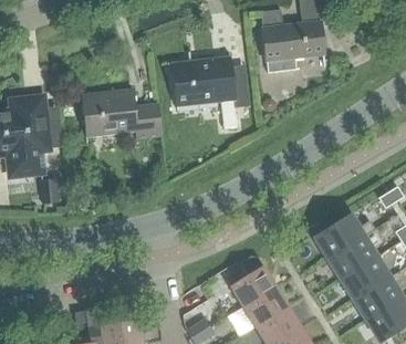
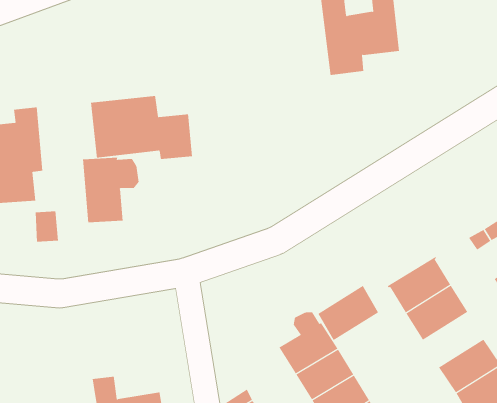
building: [174,55,238,107] -> none
building: none -> [83,157,139,223]
building: [342,257,389,300] -> [318,285,379,341]

